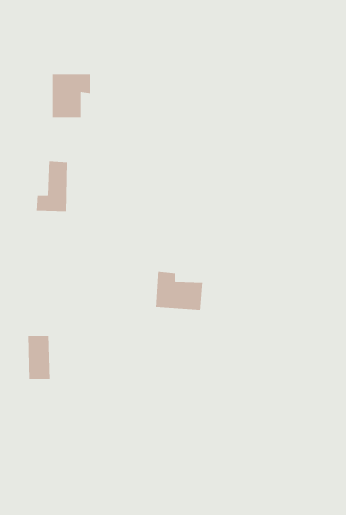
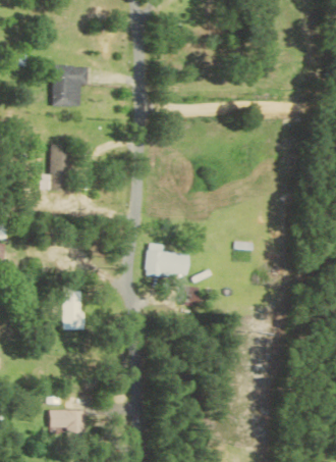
building: [27,335,50,380] -> [63,290,83,329]
building: none -> [51,408,86,431]

